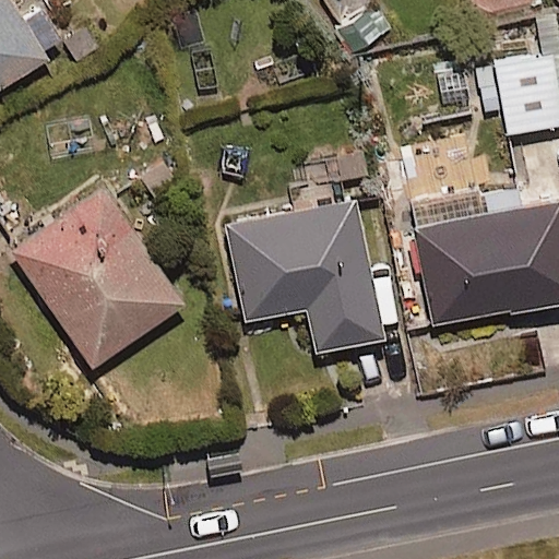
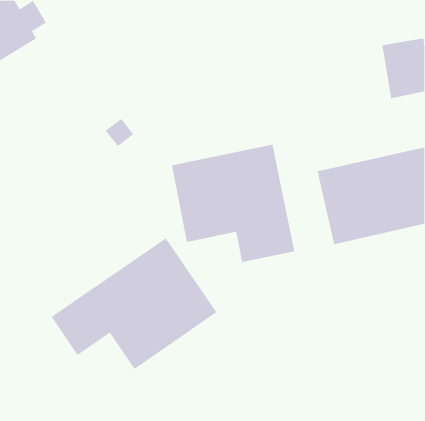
building: [11,187,186,369] -> none
building: none -> [51,238,217,370]

